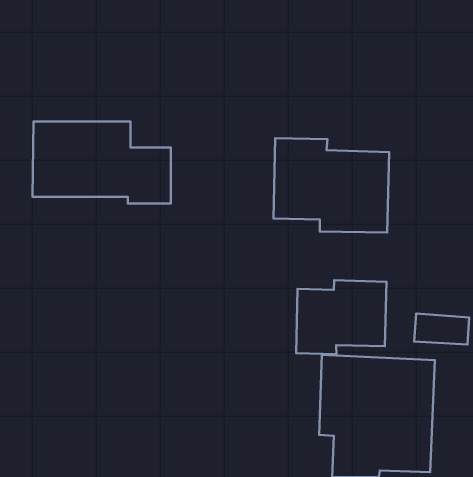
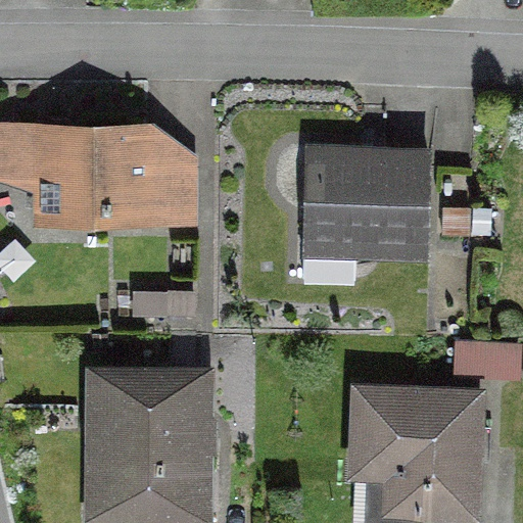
building: [296,280,386,354] -> none
building: none -> [96,378,212,514]

